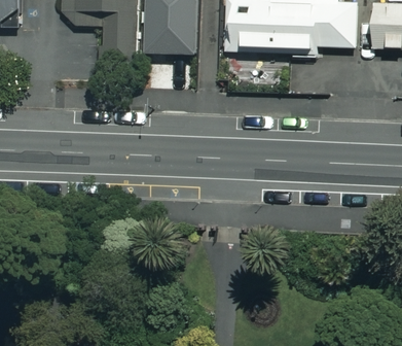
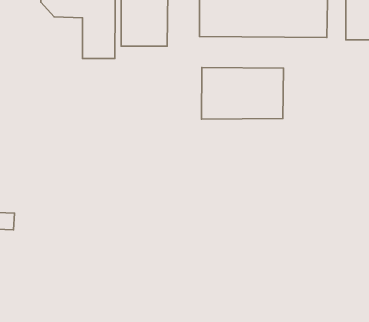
building: none -> [201,67,283,119]

